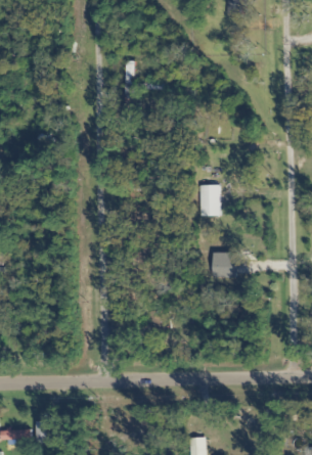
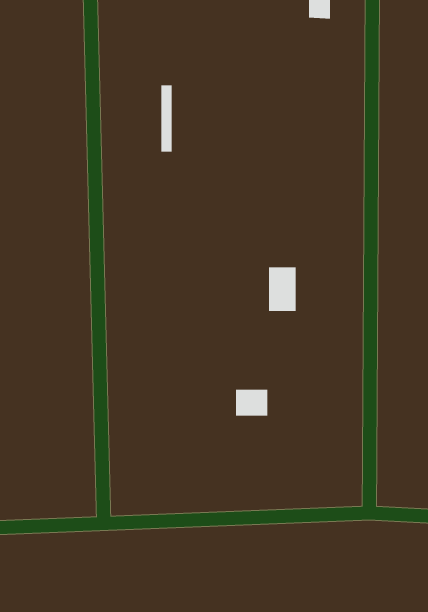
building: [216,259,238,277] -> [235,389,268,416]

